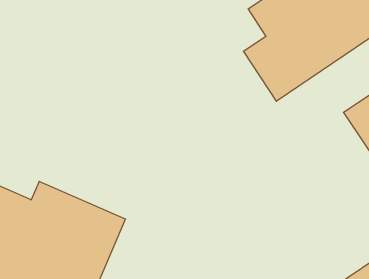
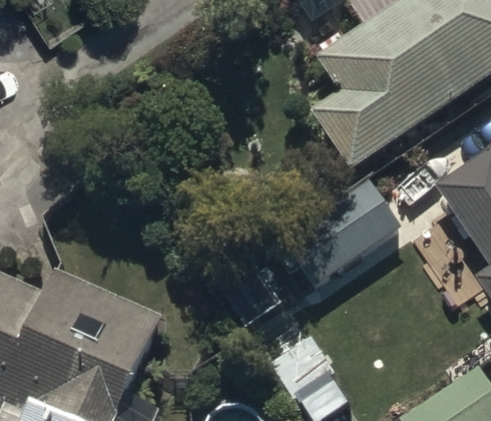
building: none -> [280,177,408,294]

